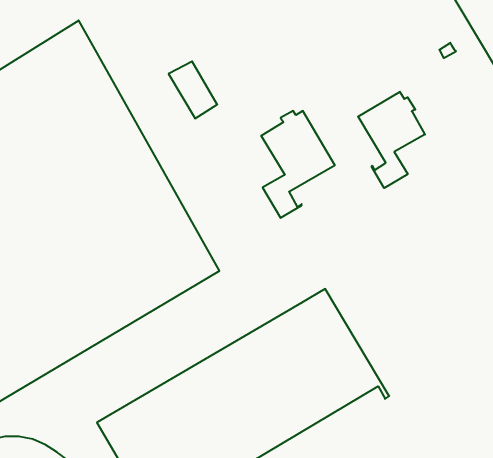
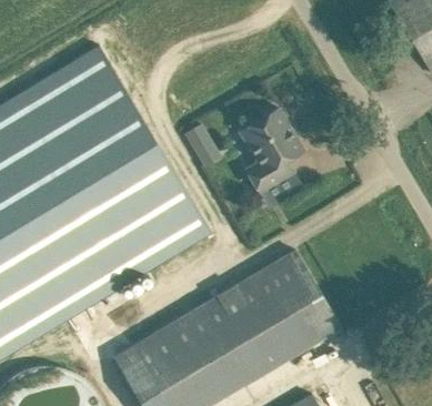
building: [169,61,217,118] -> [185,123,224,169]
building: [358,92,425,188] -> none

